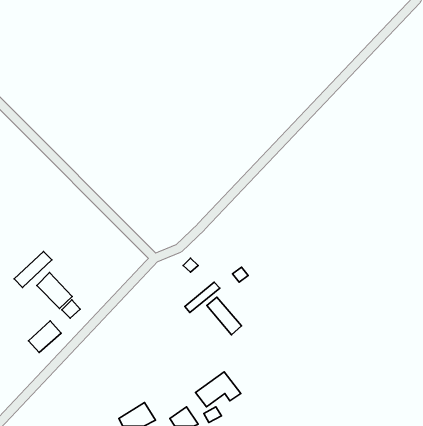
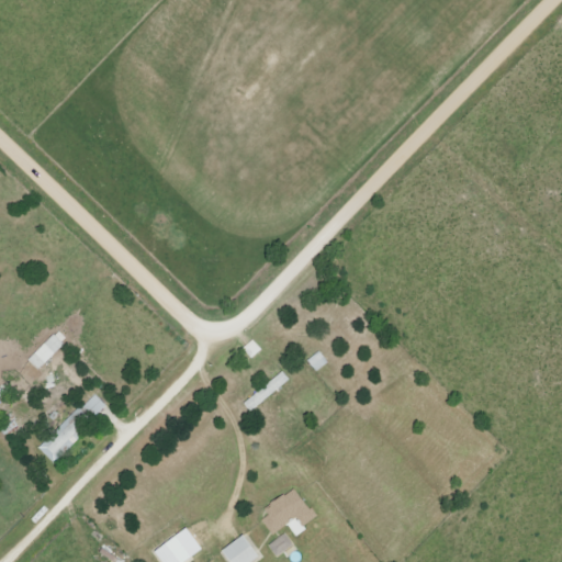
building: [37,273,72,309] -> none
building: [207,297,241,335] -> none

